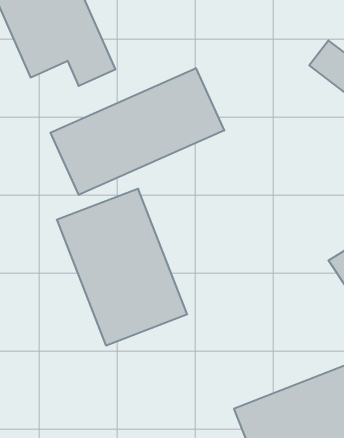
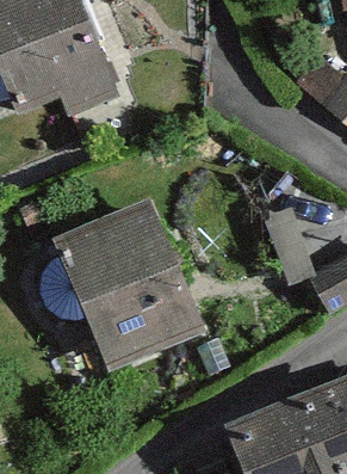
building: [51,68,224,195] -> none

